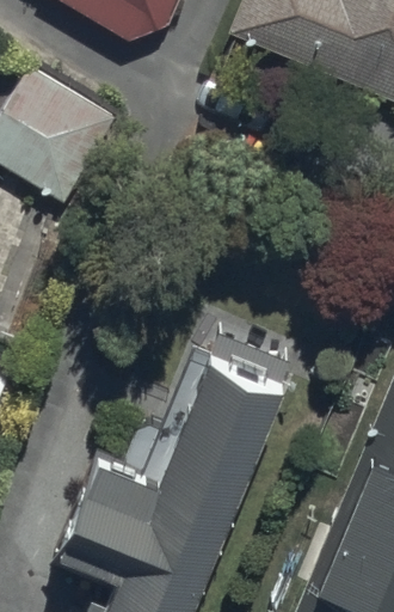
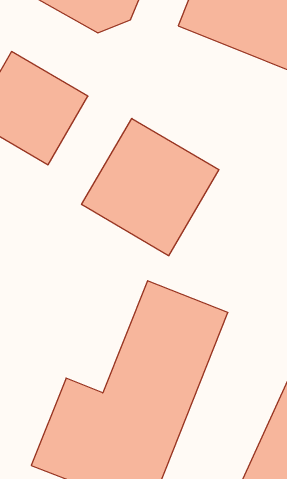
building: none -> [82,118,219,256]

